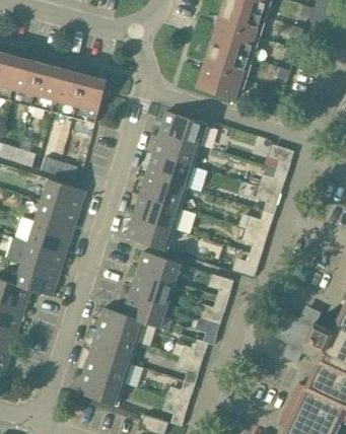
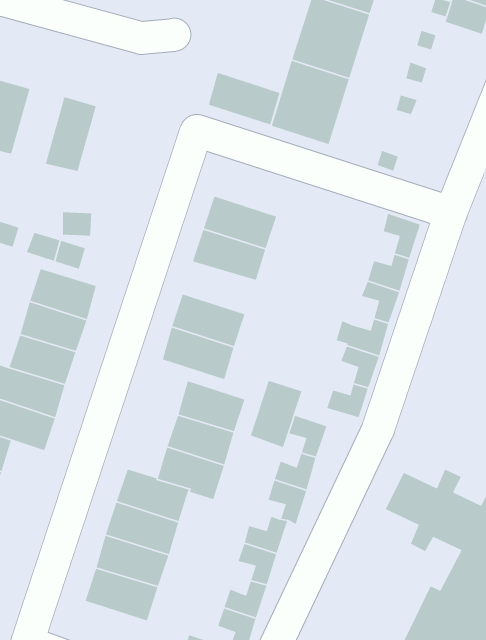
building: [30,64,64,113] -> none
building: [73,75,107,124] -> none
building: [160,112,207,146] -> [208,72,280,126]
building: [140,175,188,209] -> none
building: none -> [250,380,303,448]

